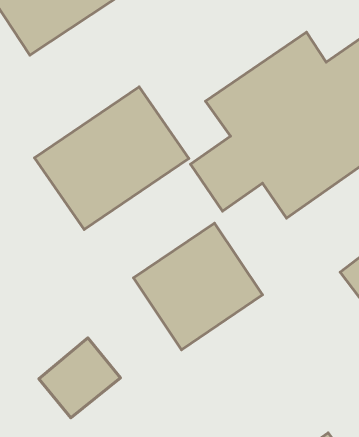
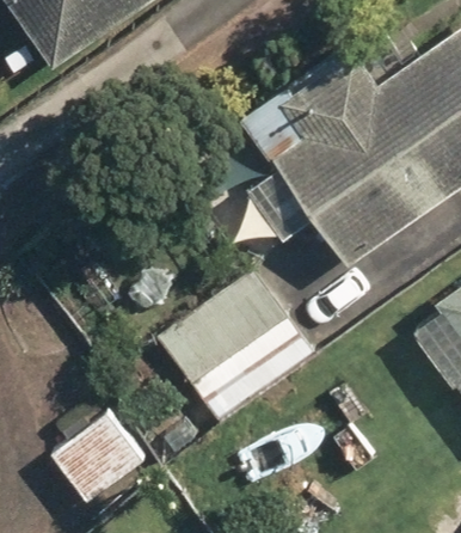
building: [35,87,189,229] -> none

